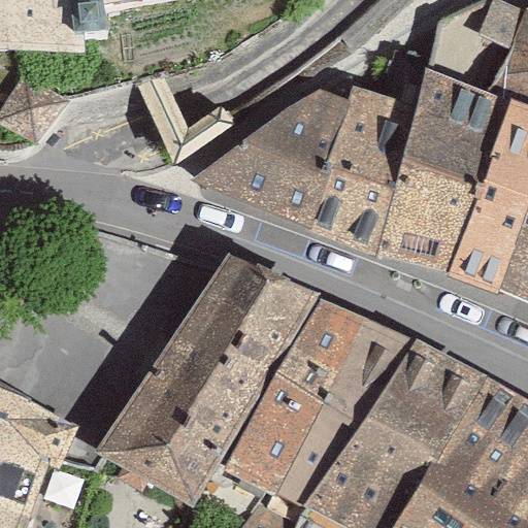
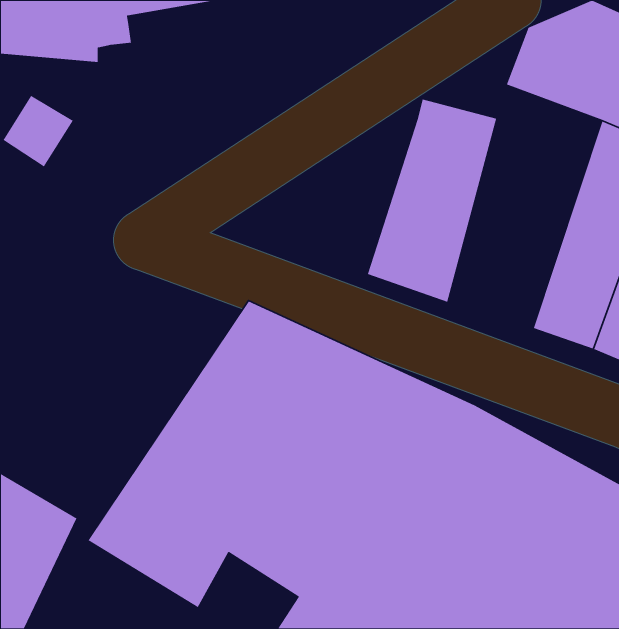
building: [384,71,513,275] -> none
building: [208,88,358,230] -> none

